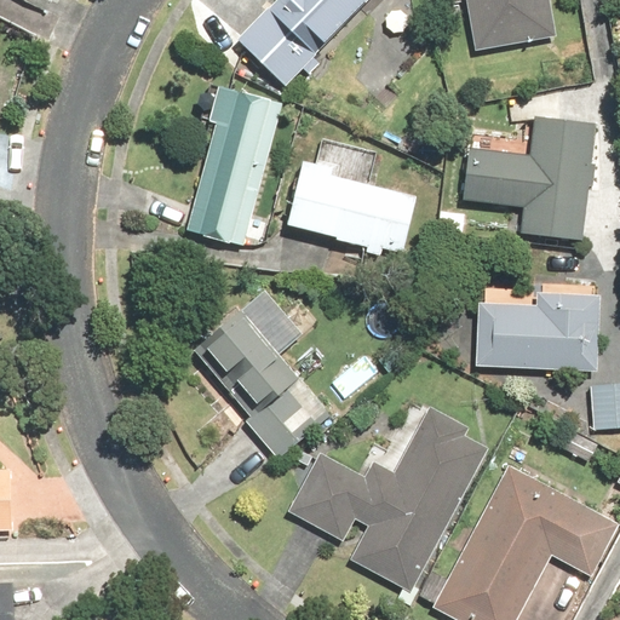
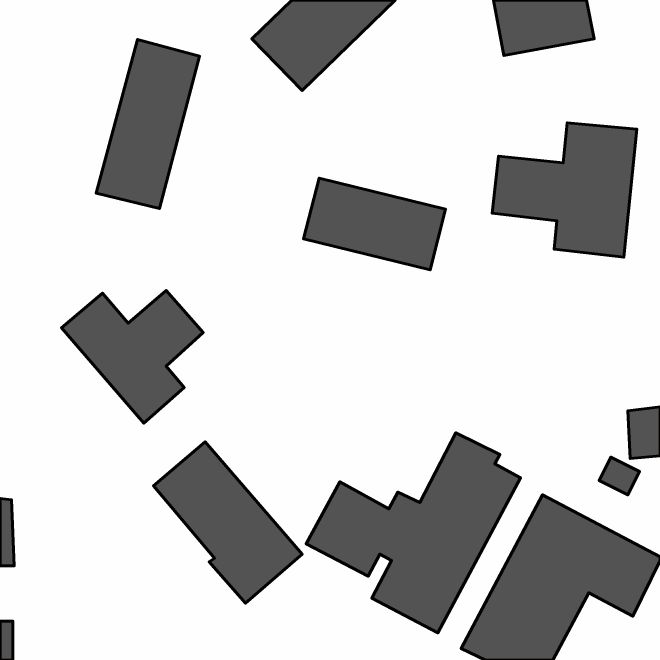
building: [184,86,281,245] -> [96,39,200,209]
building: none -> [61,290,203,423]
building: [473,293,601,372] -> none
building: [191,309,331,460] -> [154,442,302,603]

